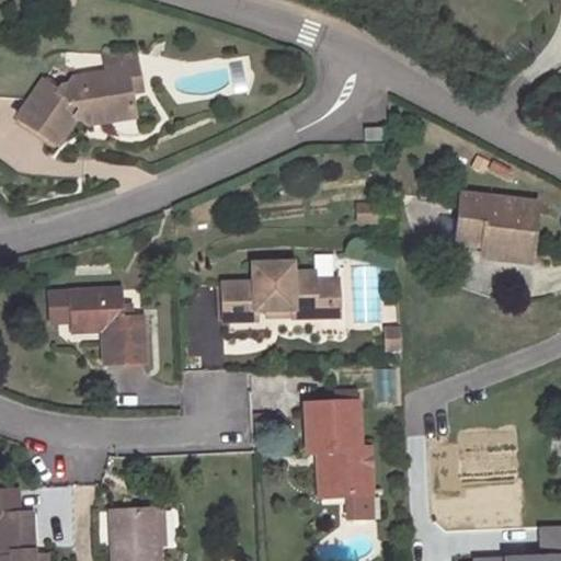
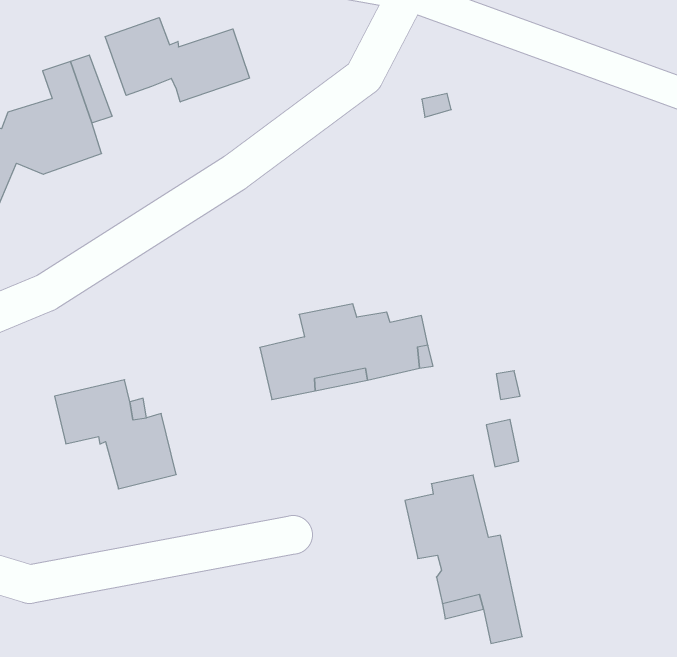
building: none -> [105,18,250,102]
building: [448,178,535,259] -> none

